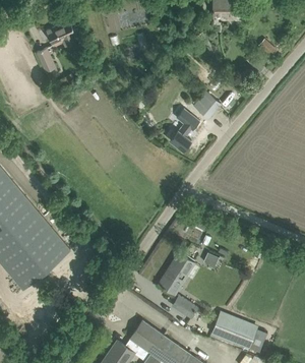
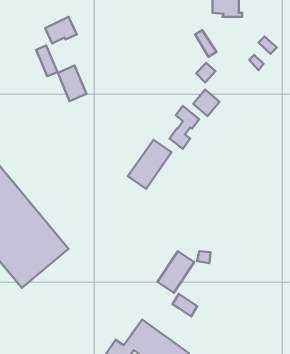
building: none -> [58,65,86,101]
building: none -> [128,140,172,189]
building: [211,313,257,348] -> none

